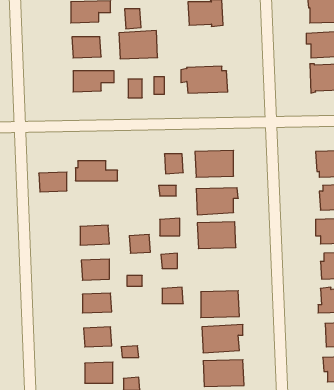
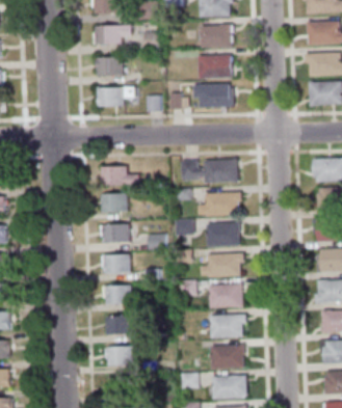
building: [119,31,158,59] -> [196,54,231,79]
building: [39,172,67,192] -> [101,195,126,213]
building: none -> [209,251,245,275]

